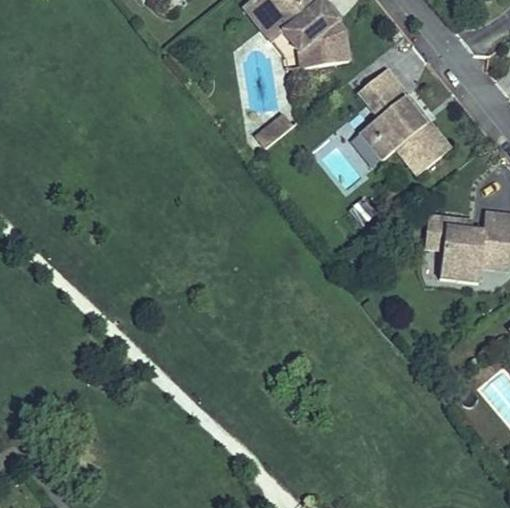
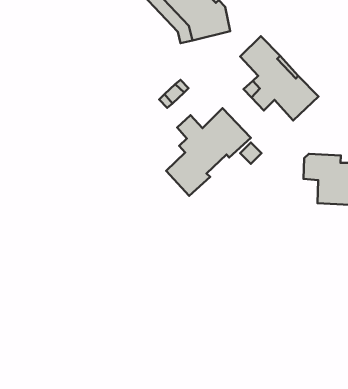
building: none -> [166,108,251,196]

